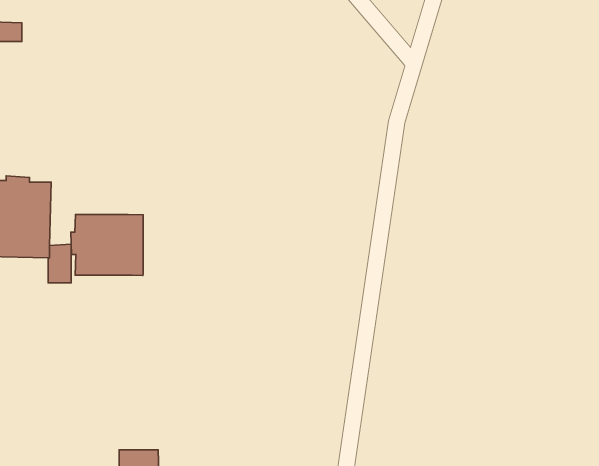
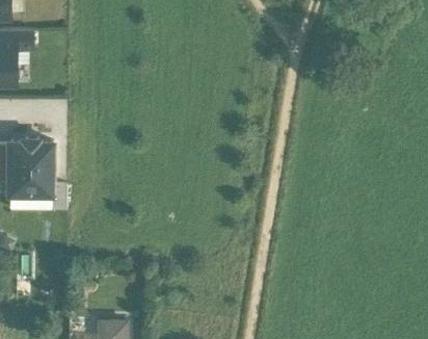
building: [71,214,143,275] -> none

